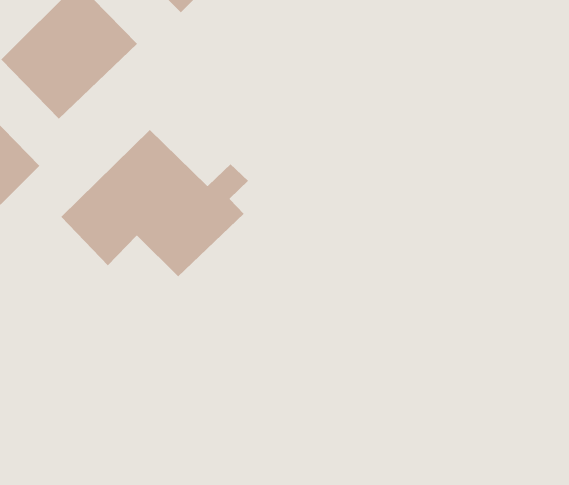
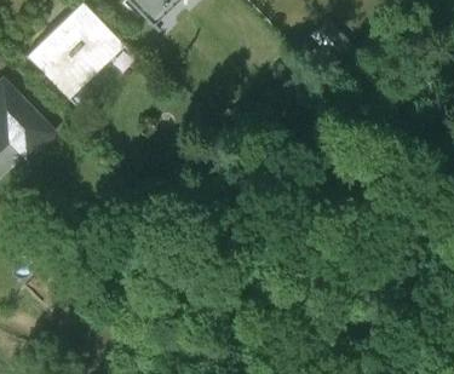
building: [61,129,249,277] -> none

